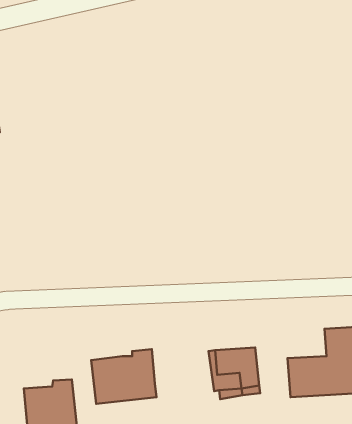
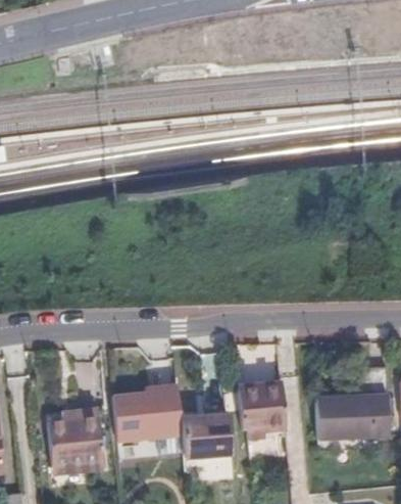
building: none -> [180,412,231,459]

